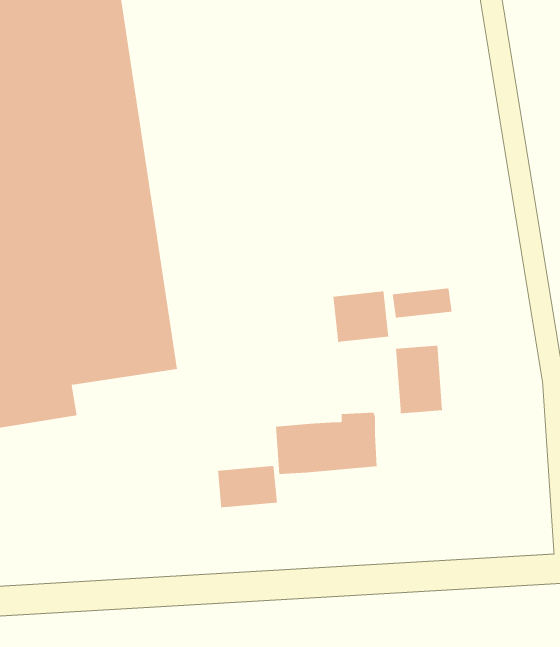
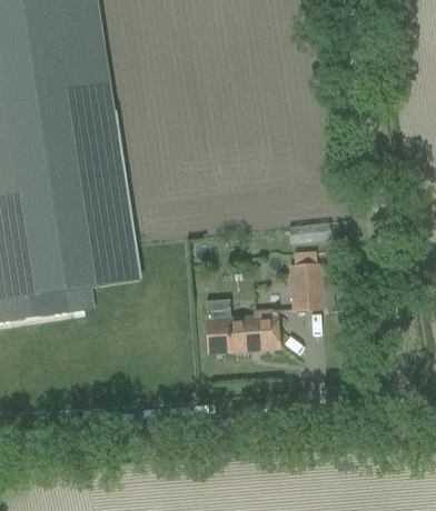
building: [333,291,389,343] -> none
building: [217,465,277,508] -> none

